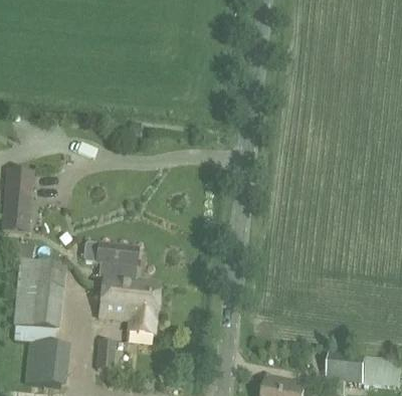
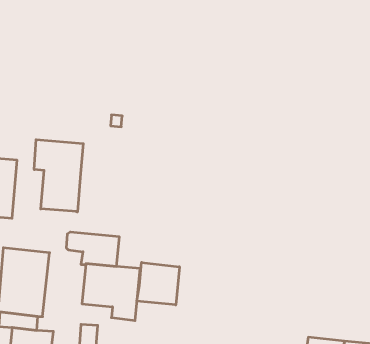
building: none -> [34,140,83,212]
building: none -> [137,262,179,305]

